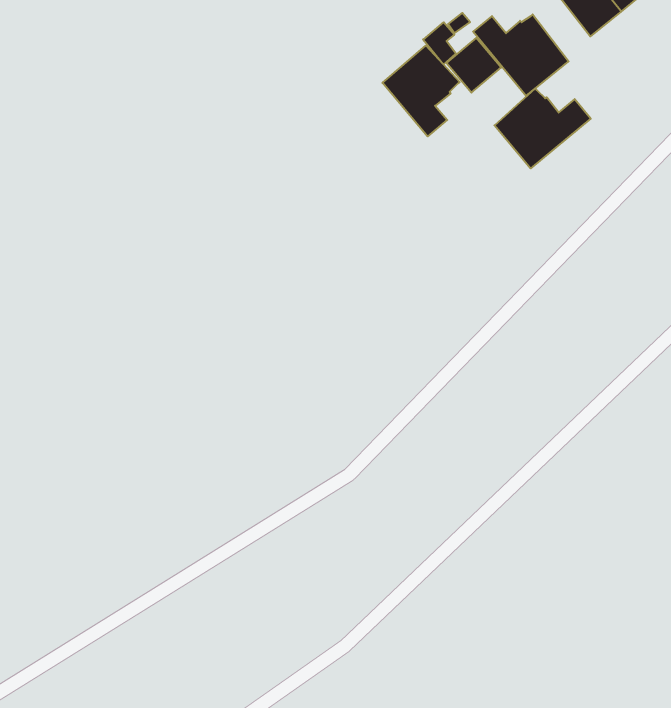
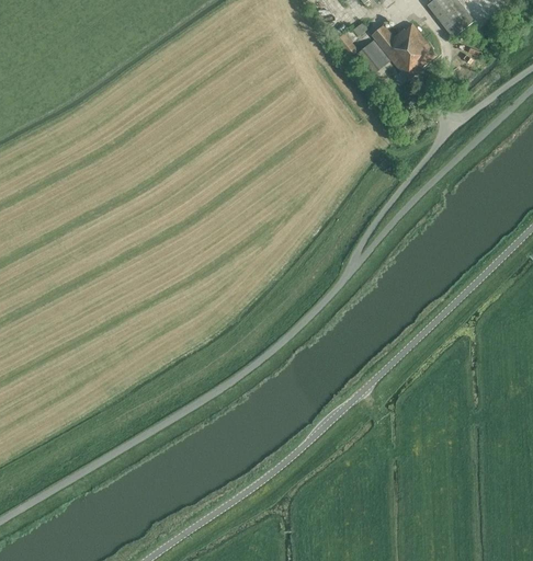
building: [382,46,460,136] -> none
building: [494,88,591,168] -> none

